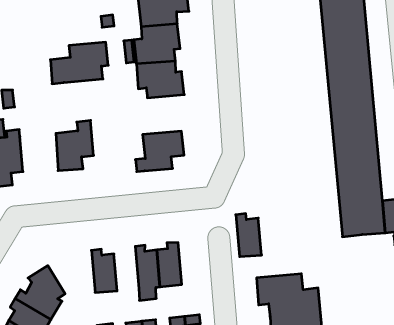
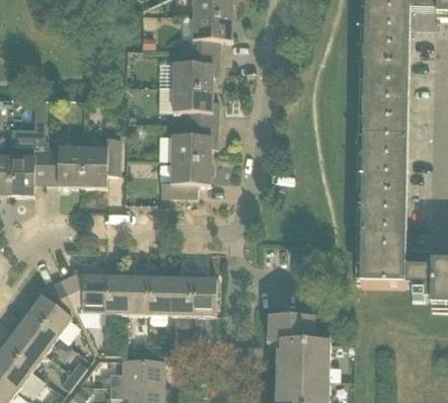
building: [50,42,108,84] -> [158,123,217,160]
building: none -> [46,147,83,185]
building: [236,214,262,257] -> [193,271,216,315]
building: none -> [127,269,150,313]
building: none -> [60,268,105,312]

